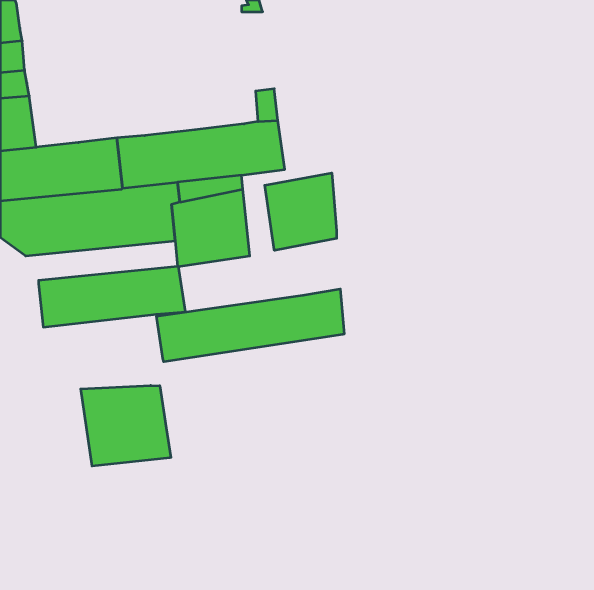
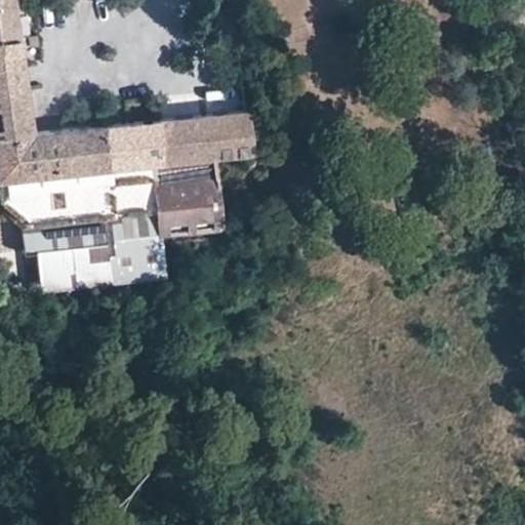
building: [265,173,337,250] -> none
building: none -> [25,217,158,255]
building: [157,289,344,362] -> none
building: [81,385,171,466] -> none

